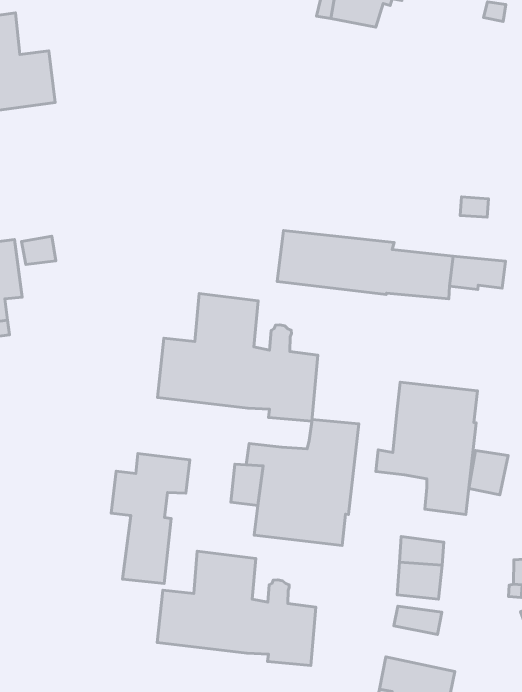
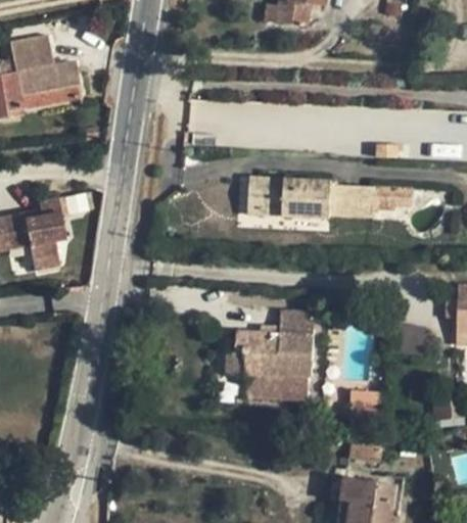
building: [158,294,318,421] -> none
building: [376,382,477,515] -> none
building: [111,453,190,584] -> none
building: [157,551,316,666] -> none

